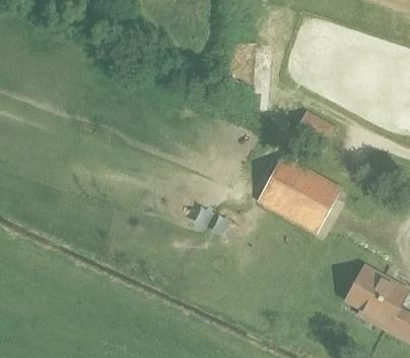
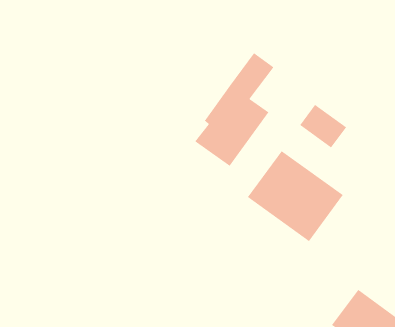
building: none -> [194,52,274,167]

